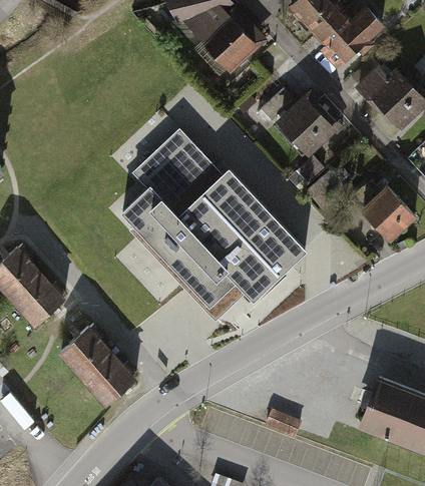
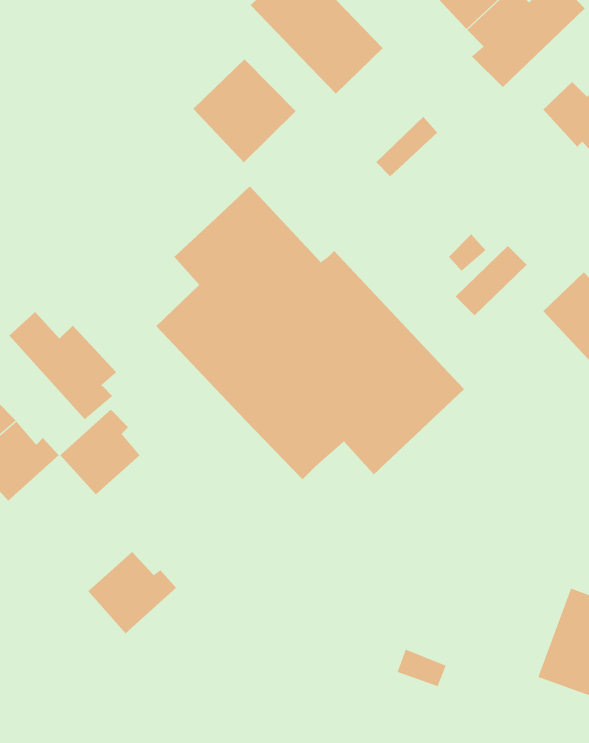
building: none -> [192,59,296,163]
building: [276,98,337,158] -> none
building: none -> [9,311,117,420]
building: [60,325,109,377] -> [60,409,141,495]

